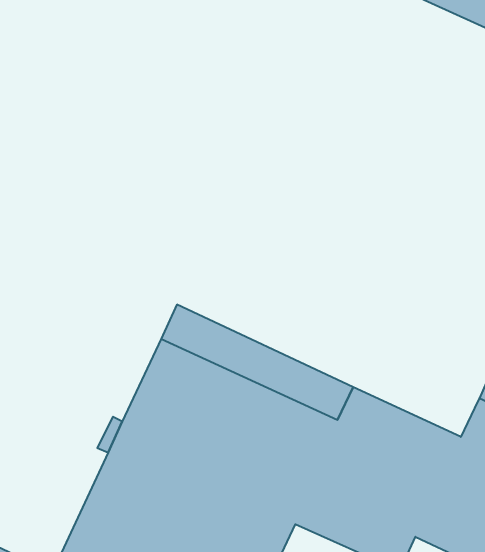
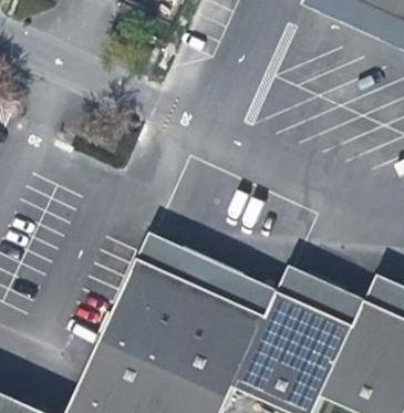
building: none -> [276,265,364,326]

